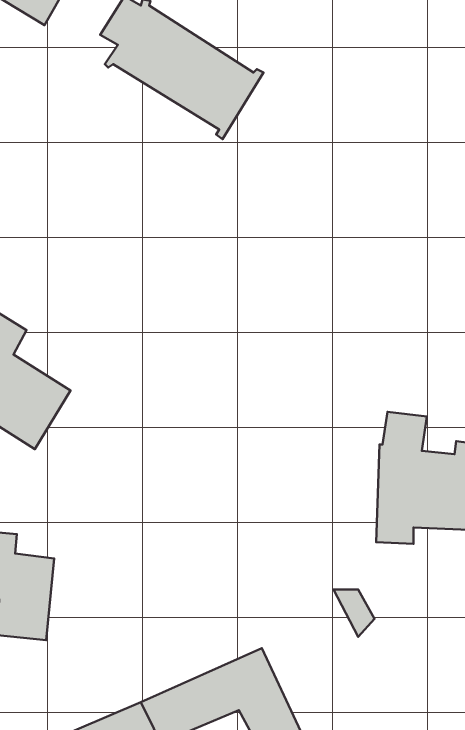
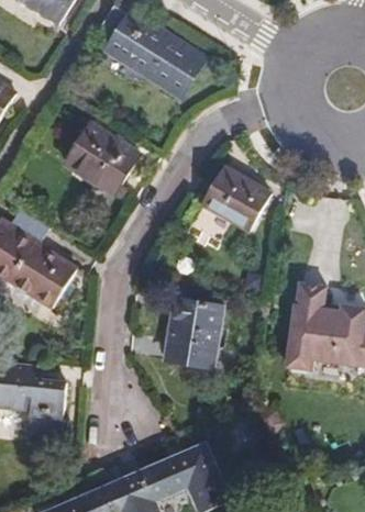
building: none -> [65,123,139,196]
building: none -> [200,166,268,232]
building: none -> [164,299,223,370]

